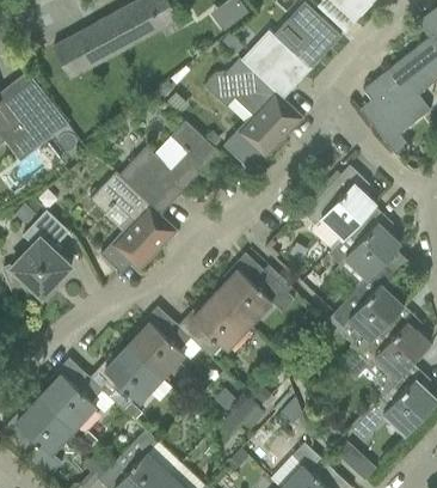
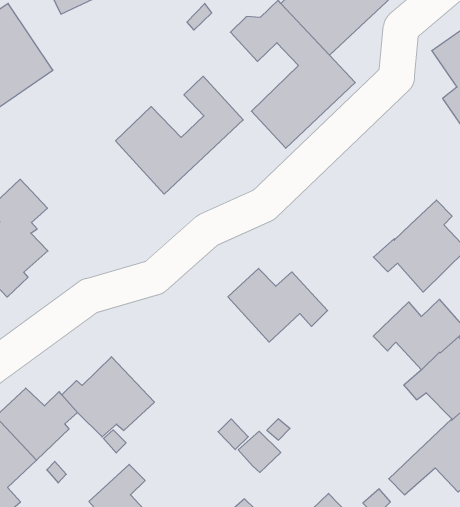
building: [303,166,376,251] -> none
building: [90,172,178,274] -> none
building: [192,293,250,359] -> none
building: [127,322,185,379] -> none

